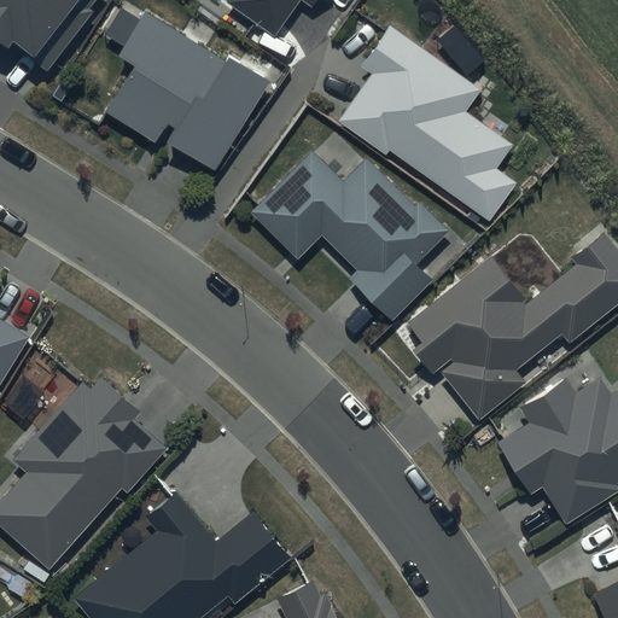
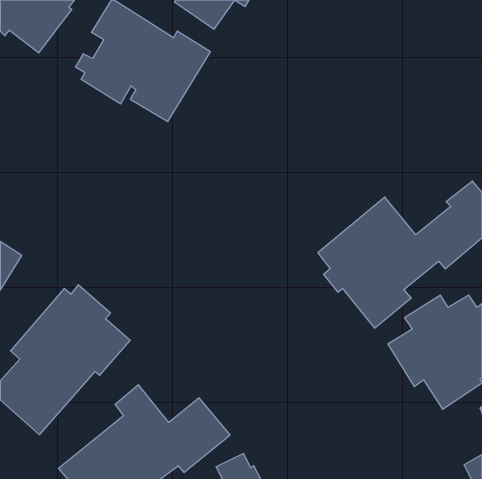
building: [337,30,515,223] -> none
building: [250,145,448,313] -> none

